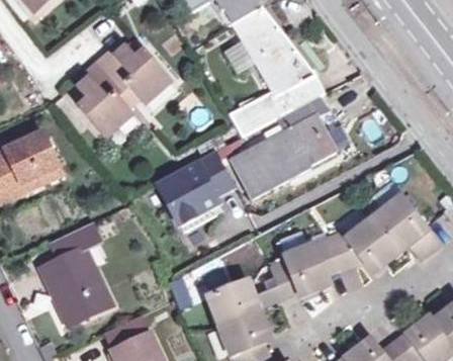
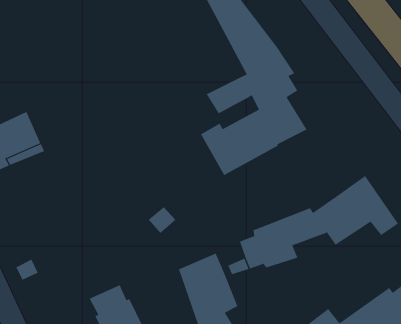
building: [79,47,168,130] -> none
building: [154,150,241,229] -> none
building: [40,221,111,327] -> none

